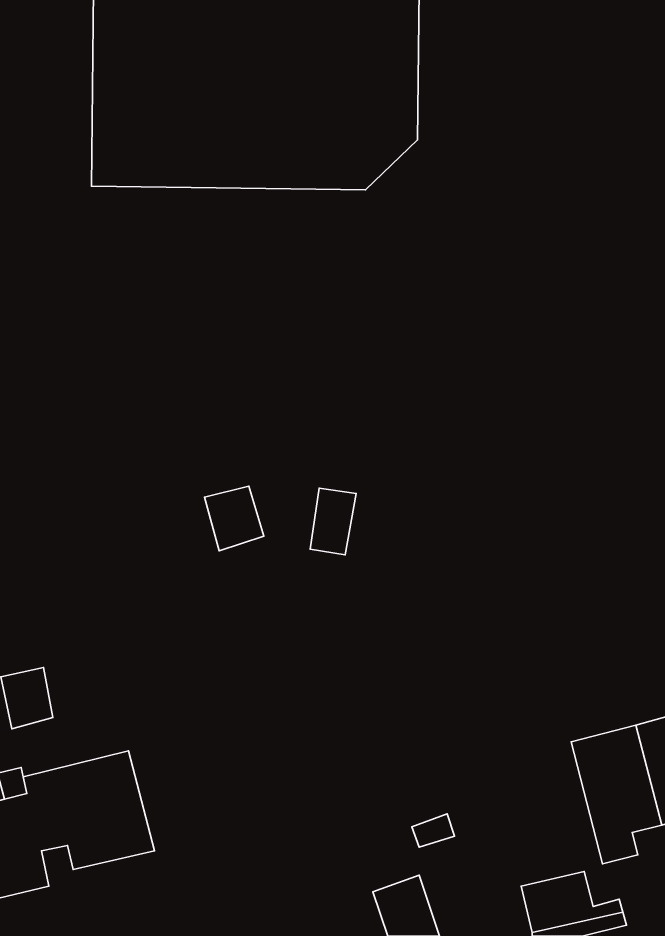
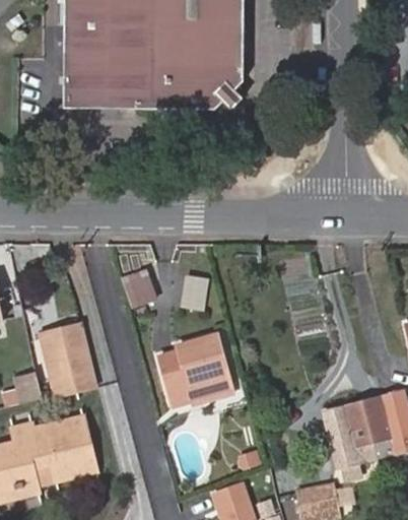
building: none -> [43,325,96,395]
building: none -> [160,335,233,405]

